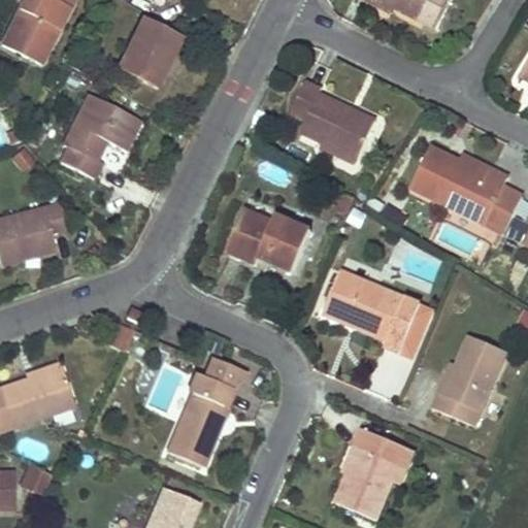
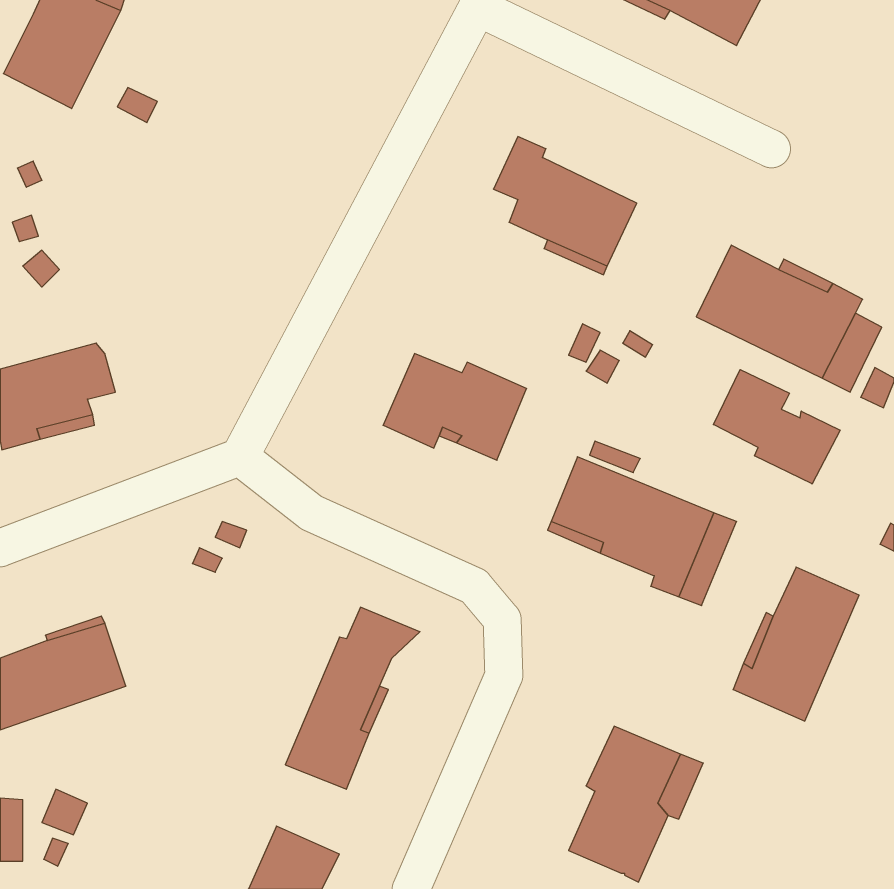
building: [119,15,183,88] -> none
building: [61,93,140,177] -> none
building: none -> [713,370,840,484]

